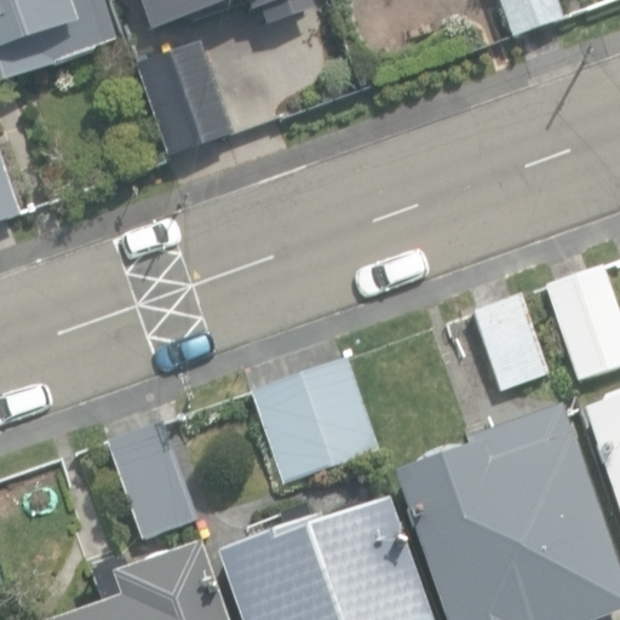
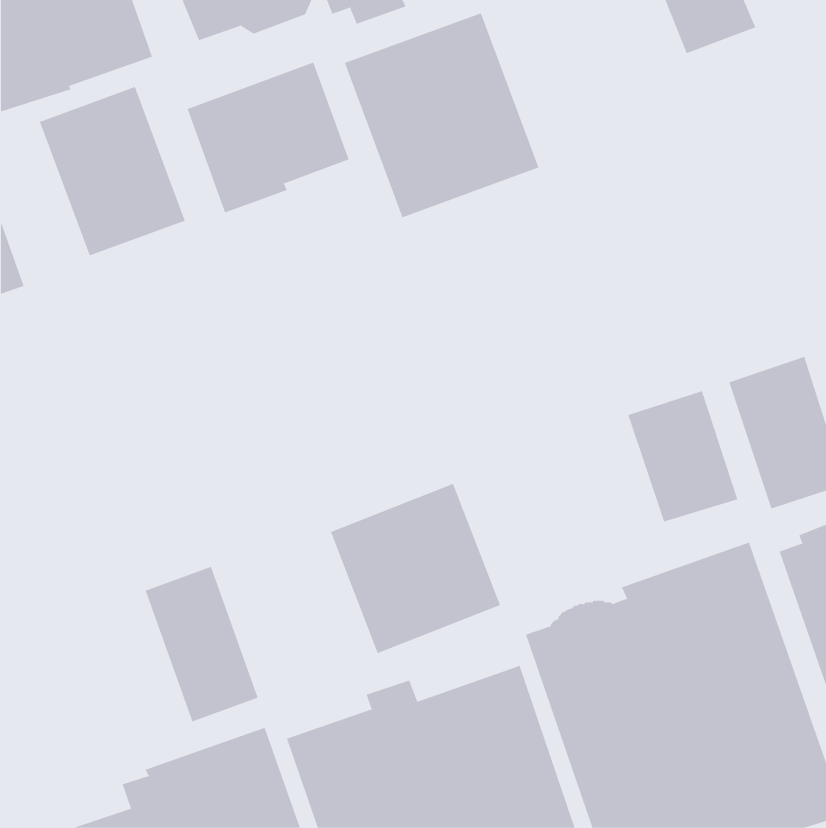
building: none -> [344,12,539,218]
building: none -> [39,86,185,256]

